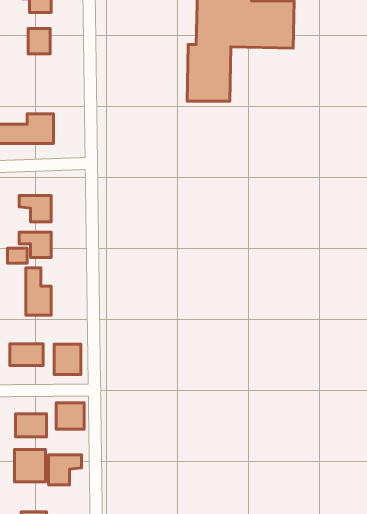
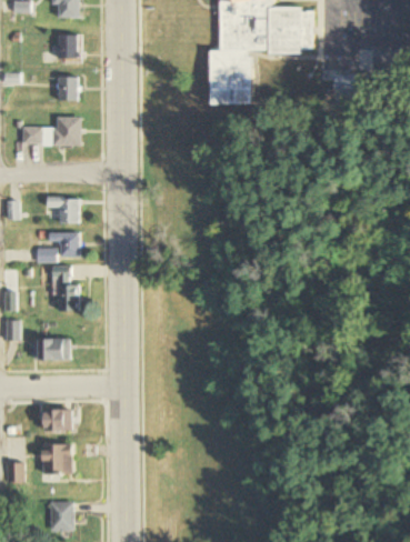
building: none -> [56,77,77,101]
building: [54,344,81,374] -> none
building: [56,403,84,429] -> none
building: [49,455,81,485] -> none

